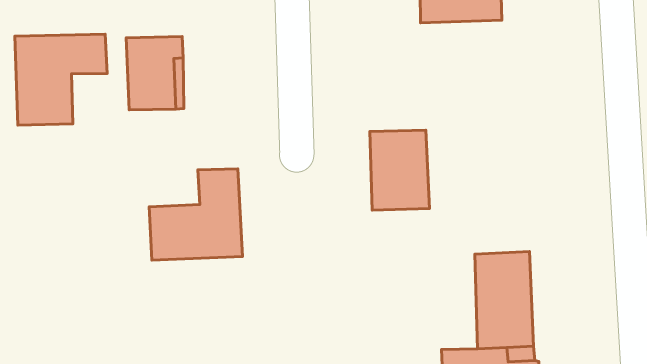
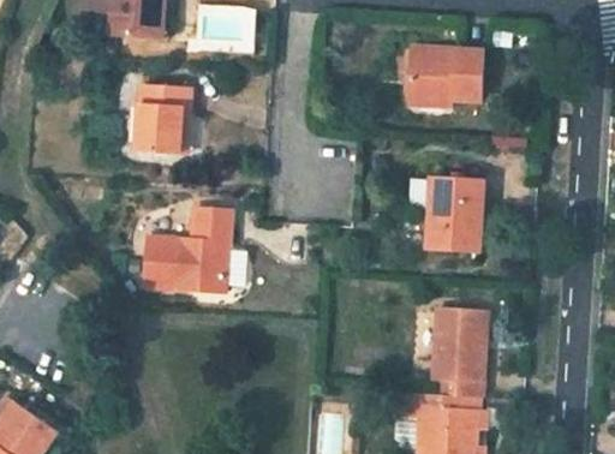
building: [15,34,107,125] -> none
building: [370,130,429,210] -> [428,178,483,252]

